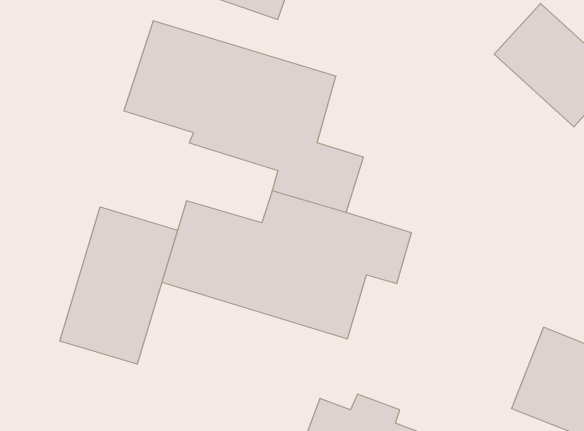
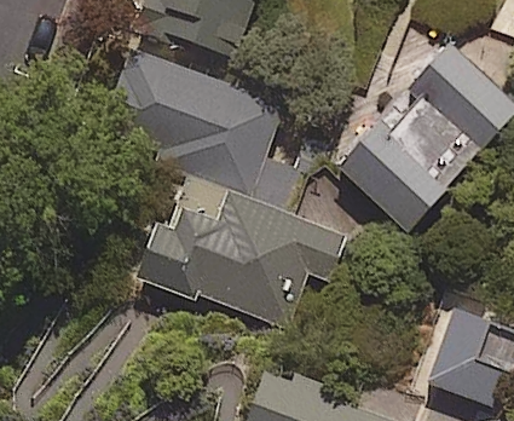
building: none -> [339,129,441,231]
building: [60,207,177,364] -> none

